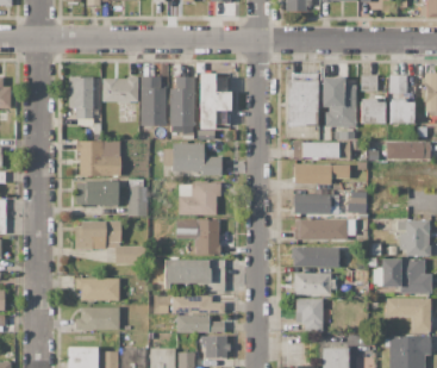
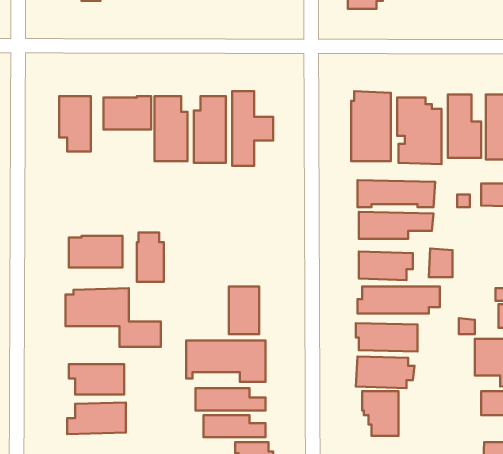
building: [75,141,120,175] -> none
building: [164,143,221,175] -> none
building: [177,182,220,214] -> none

